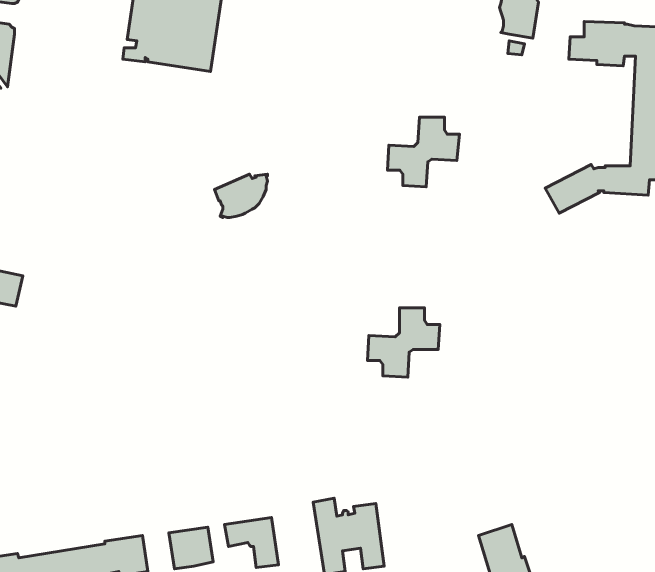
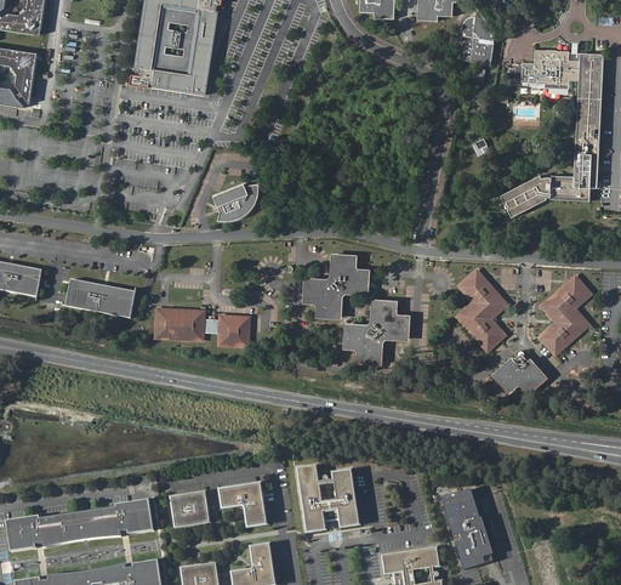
building: [387,117,460,187] -> [304,255,368,316]
building: none -> [457,269,506,350]
building: none -> [537,274,587,353]
building: none -> [65,279,136,319]
building: none -> [156,309,247,346]
building: none -> [494,359,542,391]

